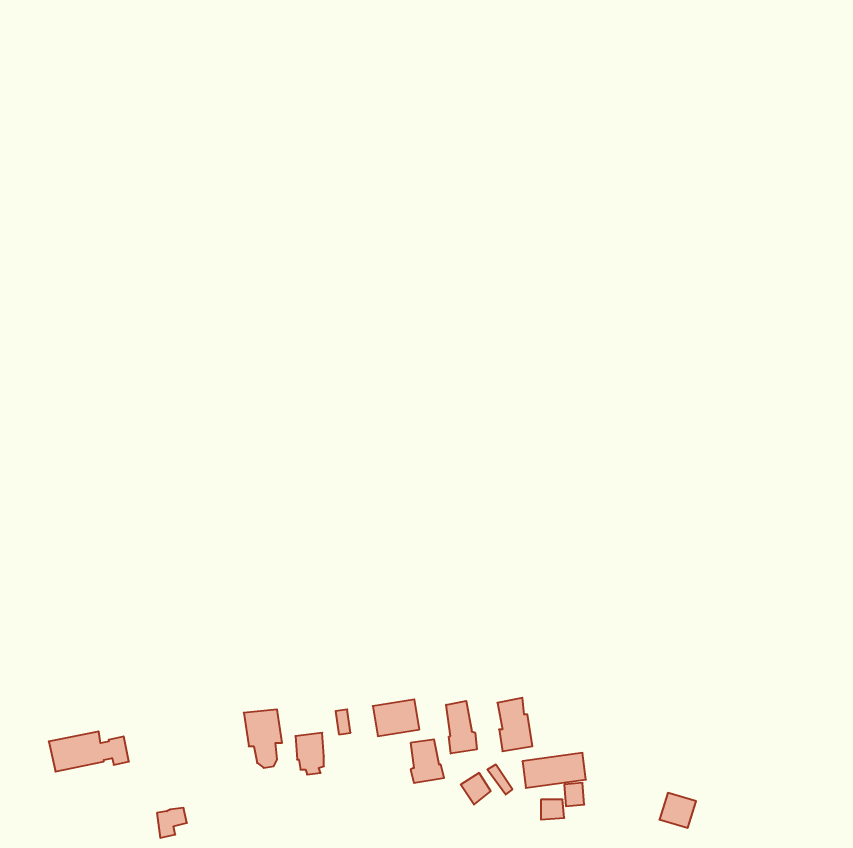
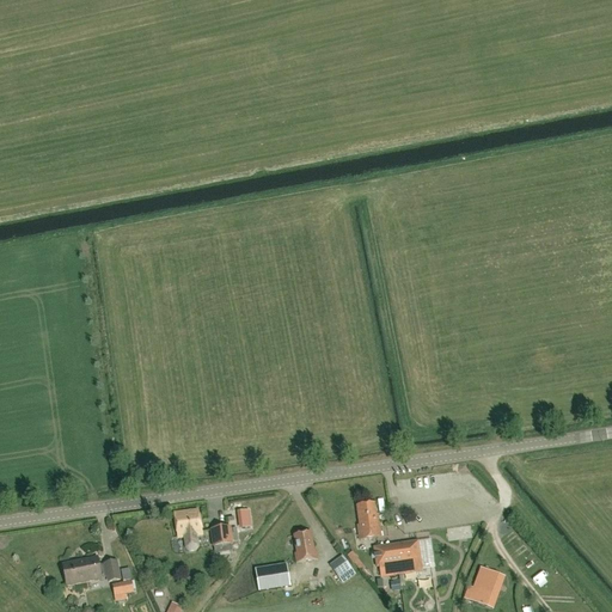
building: [373,699,419,736] -> [256,562,289,588]
building: [446,701,477,754] -> none
building: [49,731,129,772] -> [62,555,120,583]

